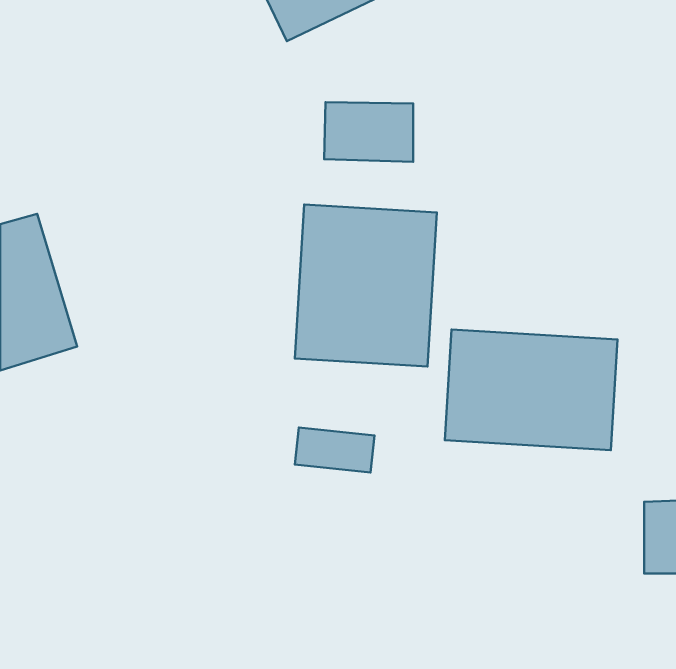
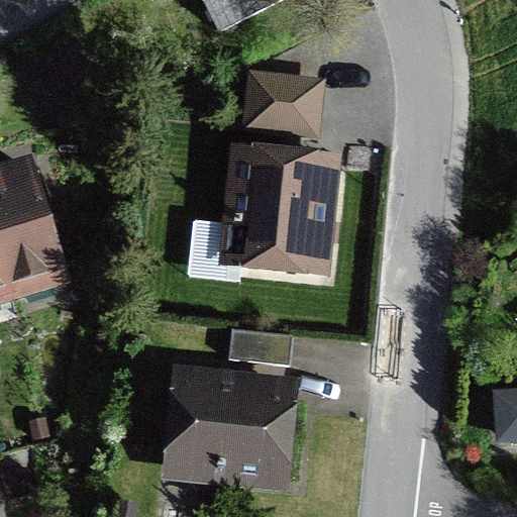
building: [445,330,617,450] -> none
building: none -> [167,390,288,484]

